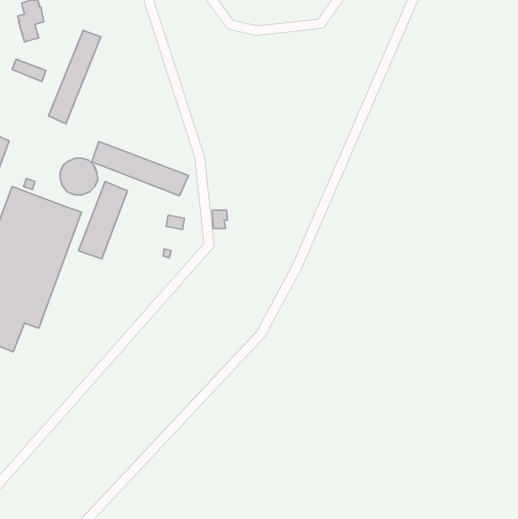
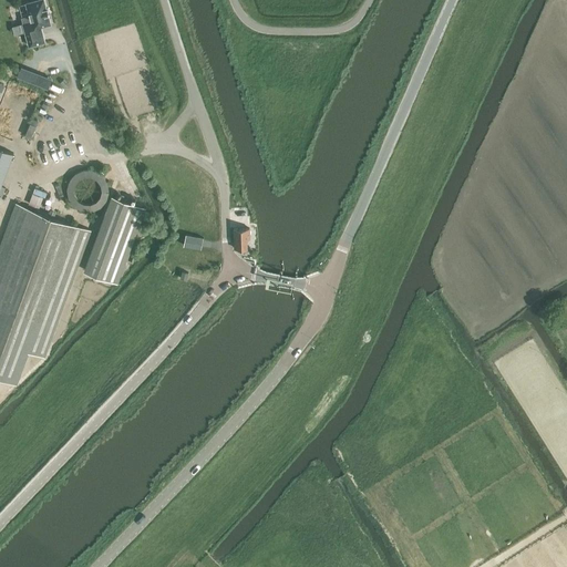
building: [48,30,101,124] -> none
building: [92,141,188,196] -> none

